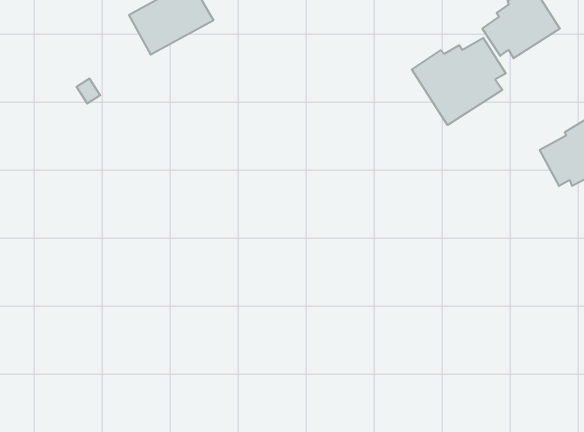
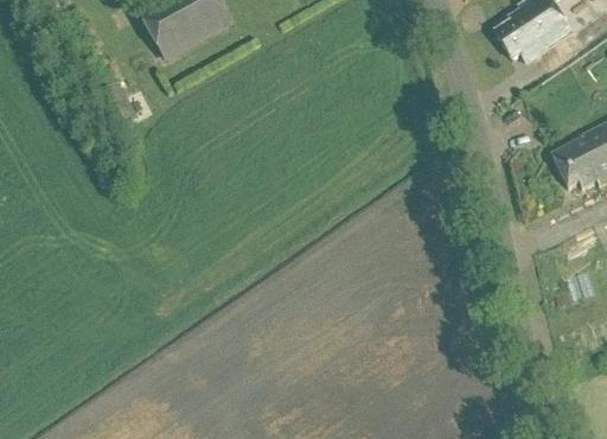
building: [412,38,506,125] -> none

